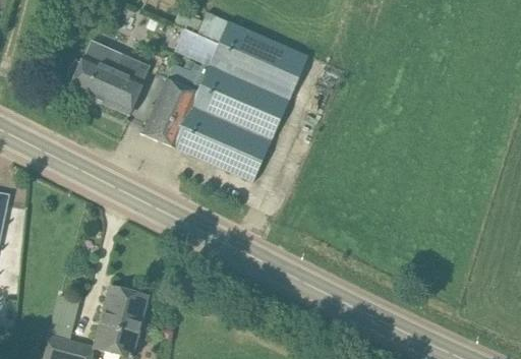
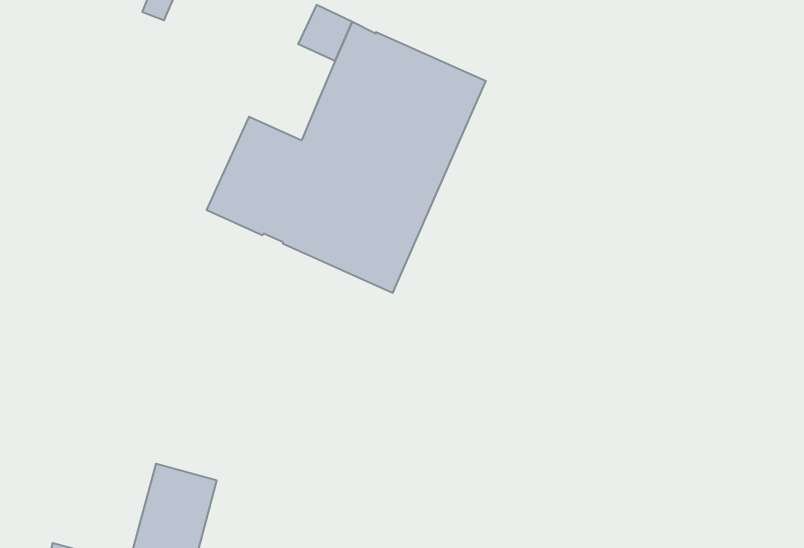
building: [173,28,218,67] -> none
building: [66,40,149,114] -> none

